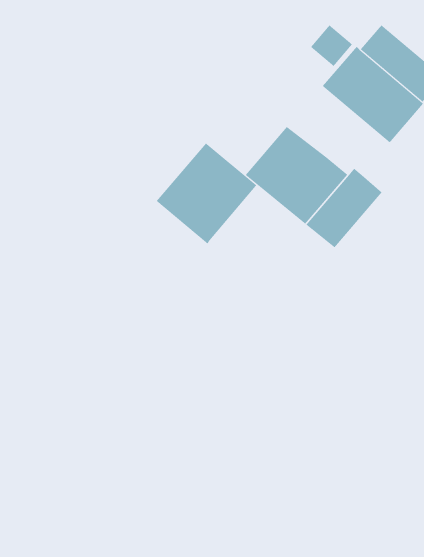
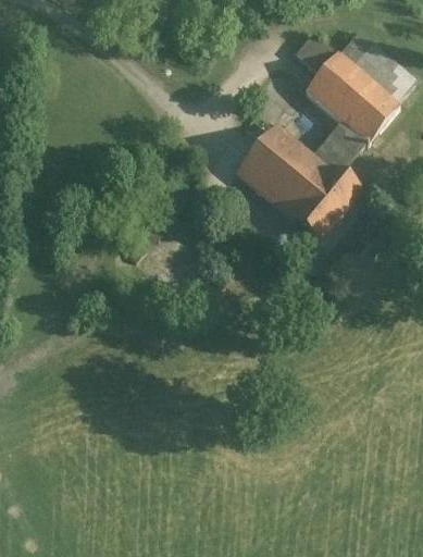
building: none -> [309,119,366,171]
building: [156,142,257,244] -> none

